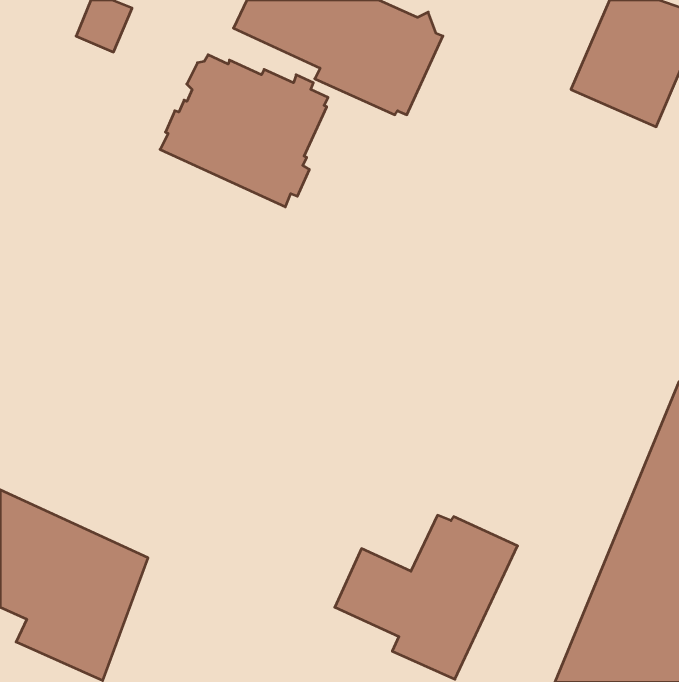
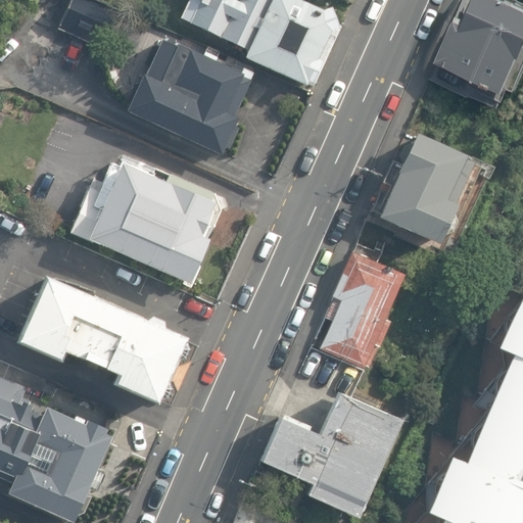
building: none -> [378,129,467,241]
building: none -> [79,152,225,281]
building: none -> [318,252,401,371]
building: none -> [20,273,187,400]

